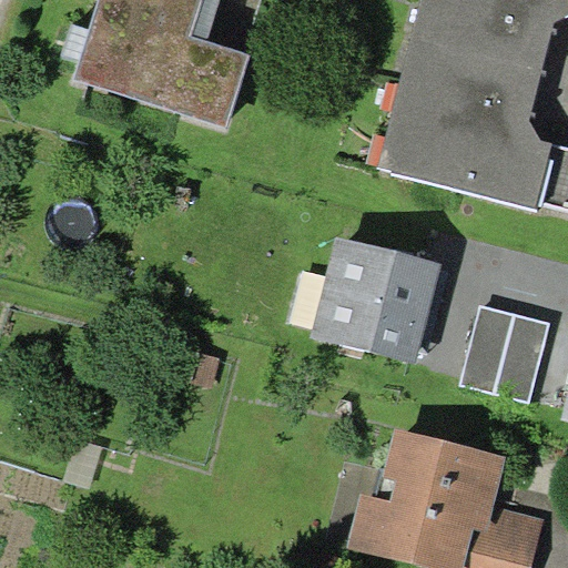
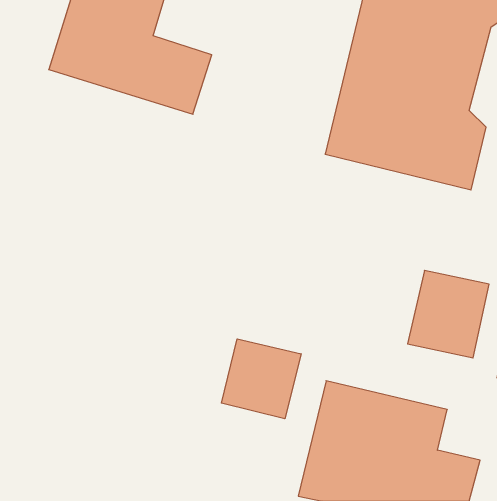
building: [311,236,439,363] -> none
building: none -> [221,339,301,419]

